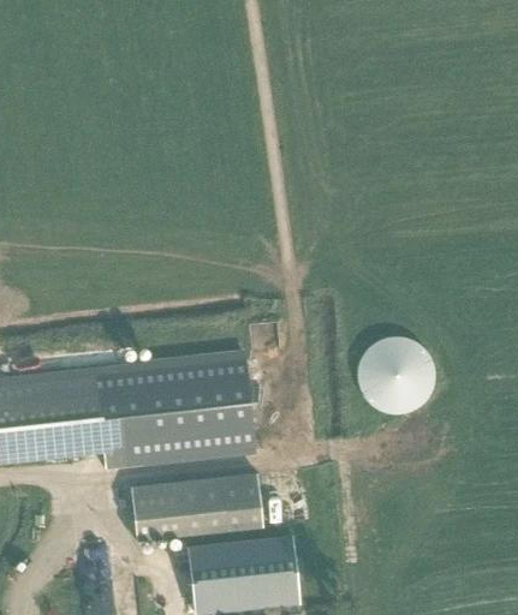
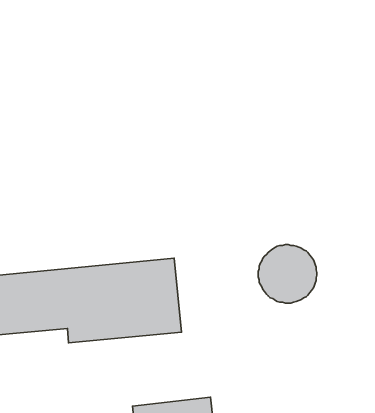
building: [131,472,262,538] -> none

